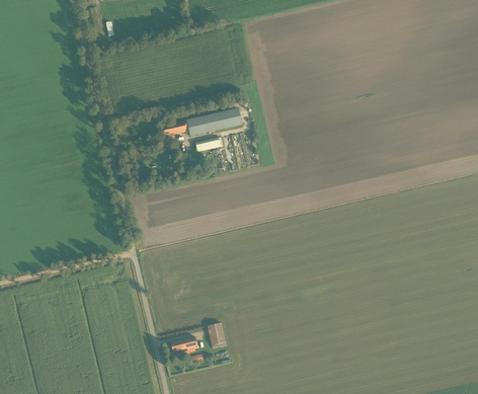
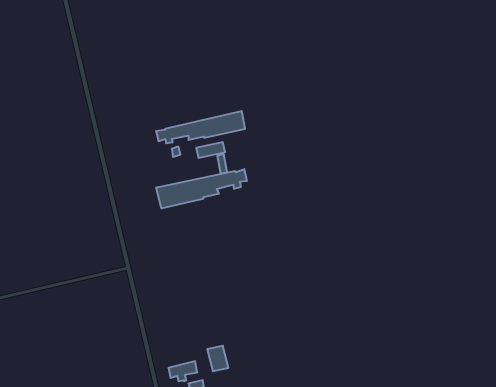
building: none -> [156,169,247,208]

